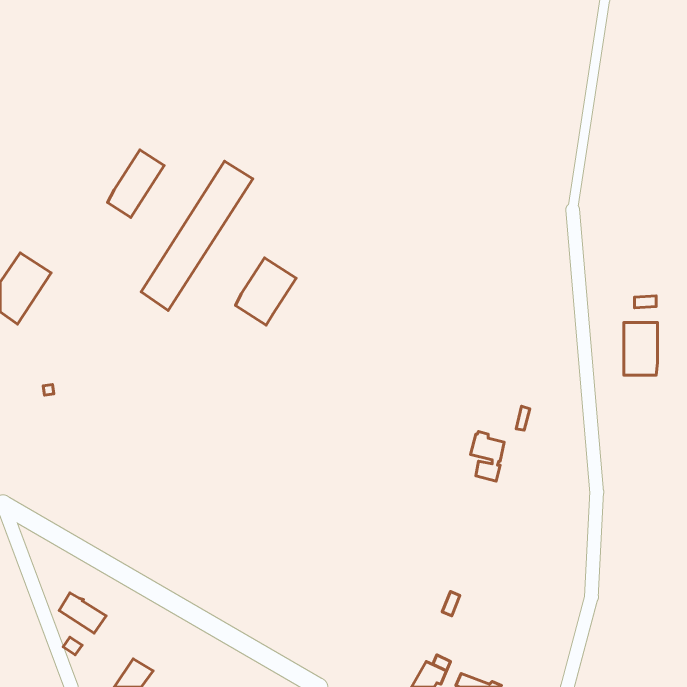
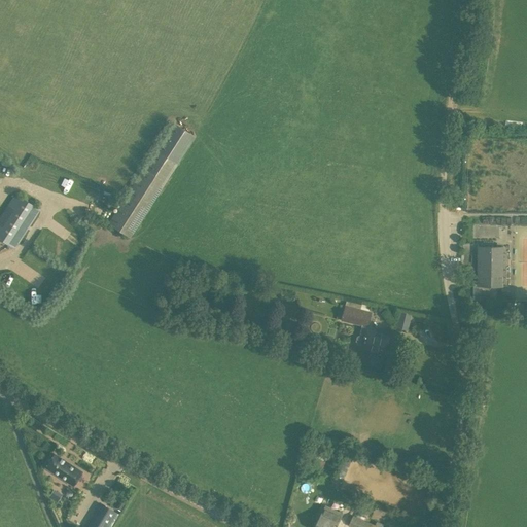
building: [107,150,164,218] -> none
building: [236,258,296,325] -> none
building: none -> [340,305,371,327]

